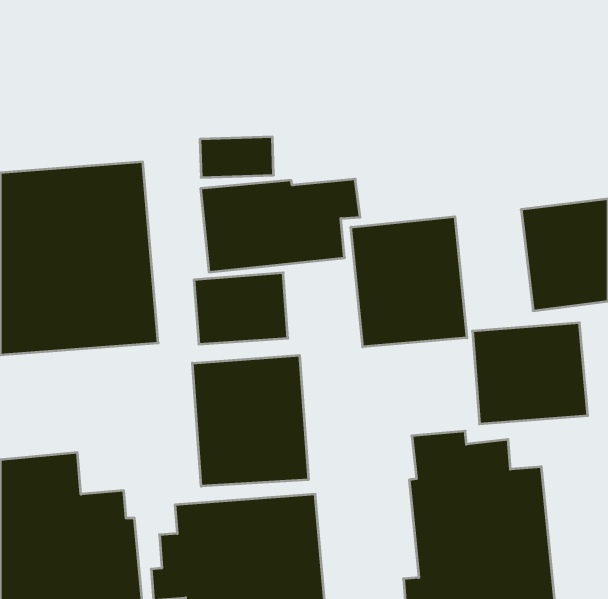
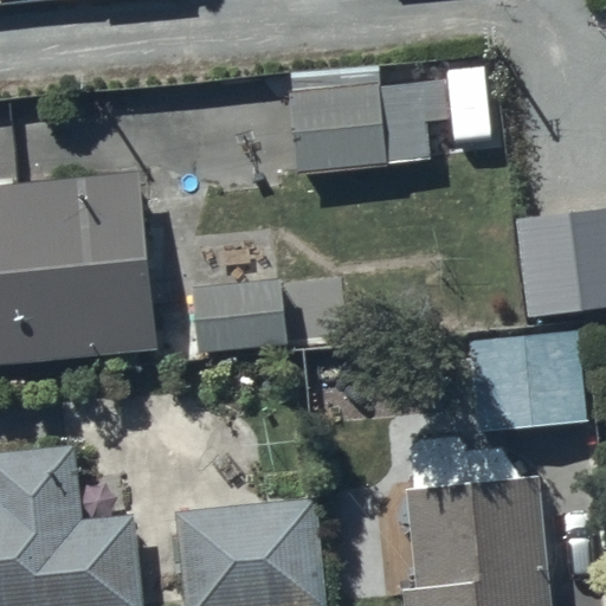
building: [201,179,360,272] -> [290,82,449,174]
building: [351,217,467,347] -> none
building: [192,355,308,486] -> none

